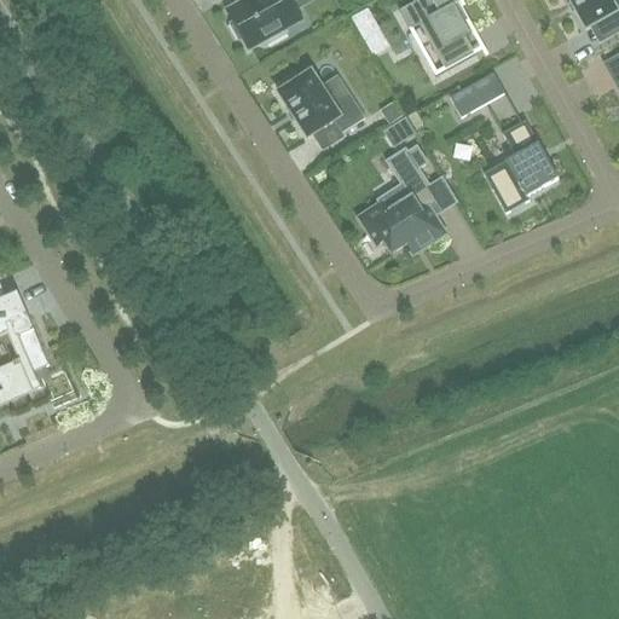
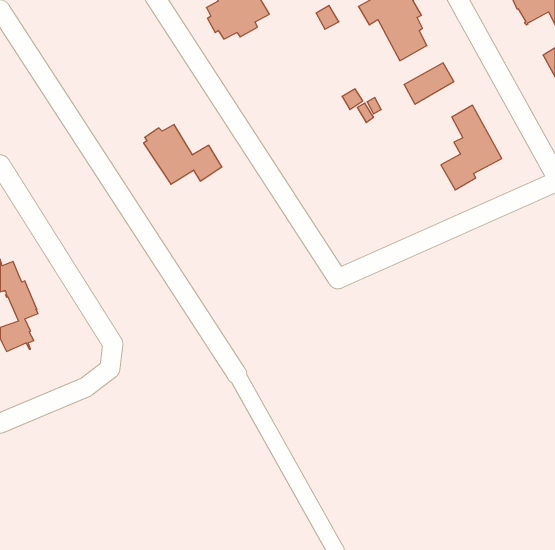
building: [278,69,365,135] -> [144,125,222,184]
building: [360,143,445,251] -> none

